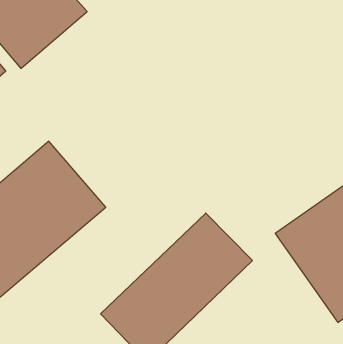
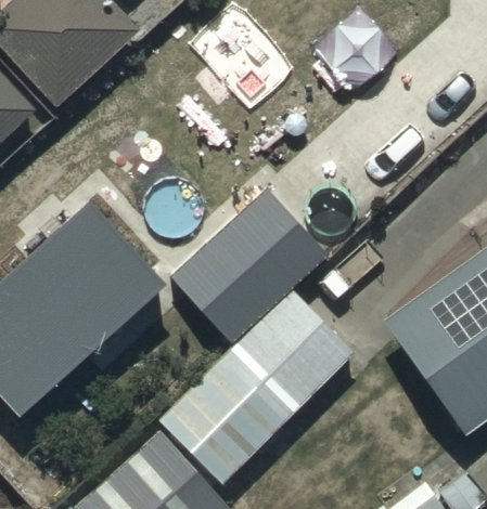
building: none -> [170,190,328,343]

